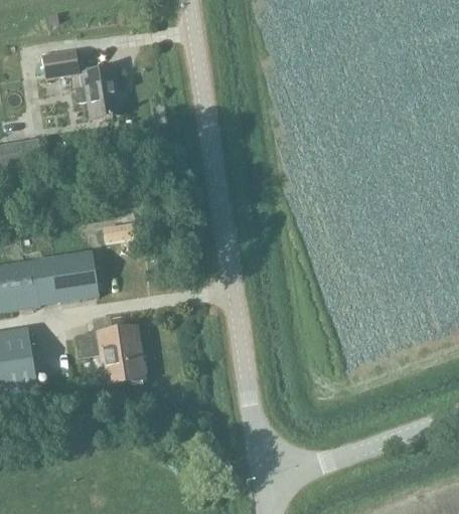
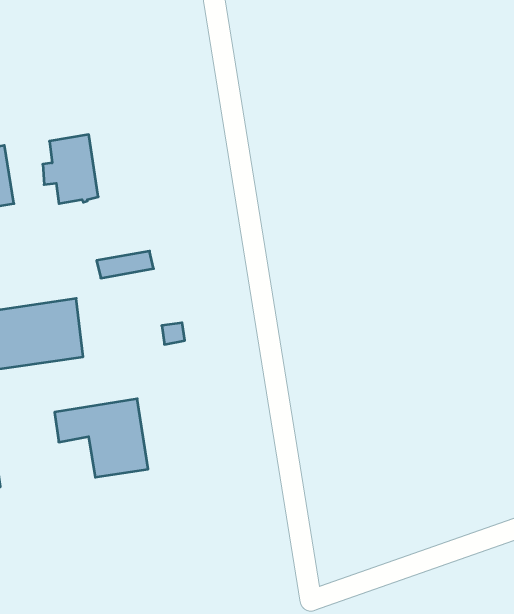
building: [47,55,79,76] -> none
building: [79,65,120,117] -> [43,135,98,204]

